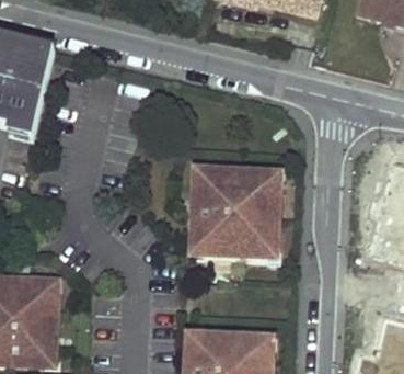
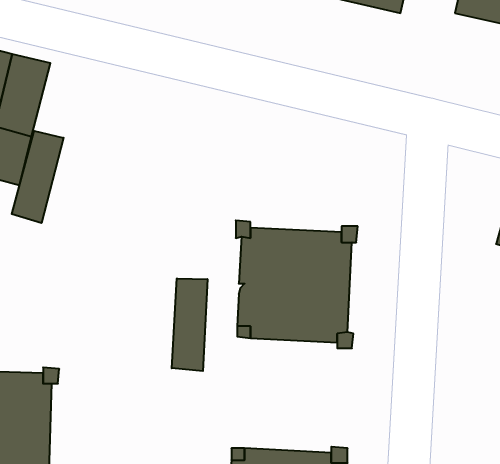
building: none -> [12,131,64,223]
building: none -> [172,278,207,371]

